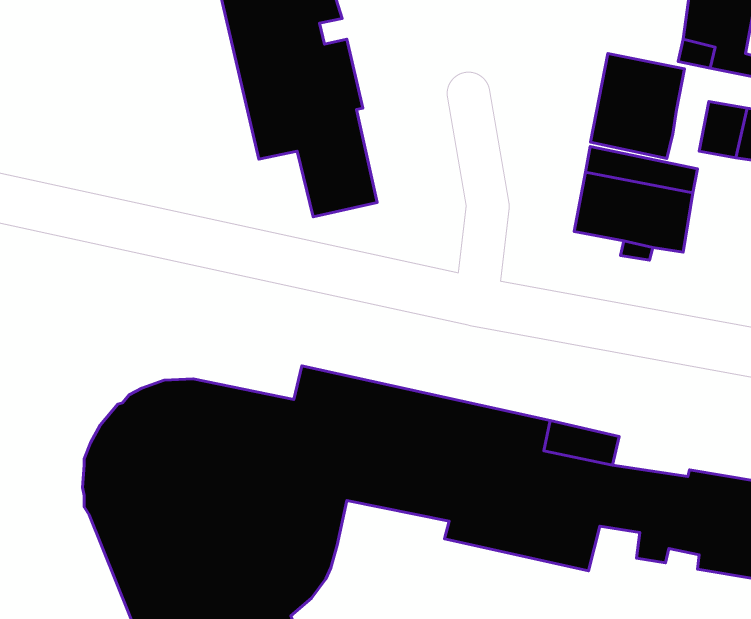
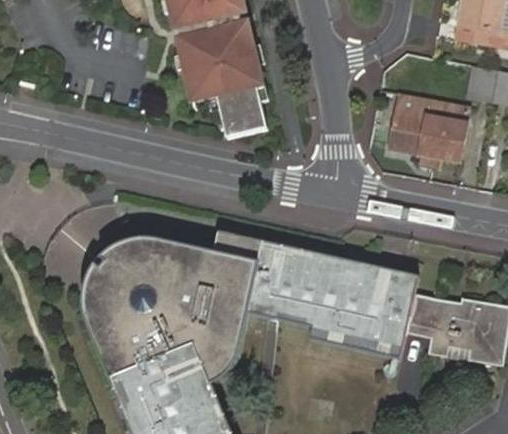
building: [591,54,685,158] -> none

